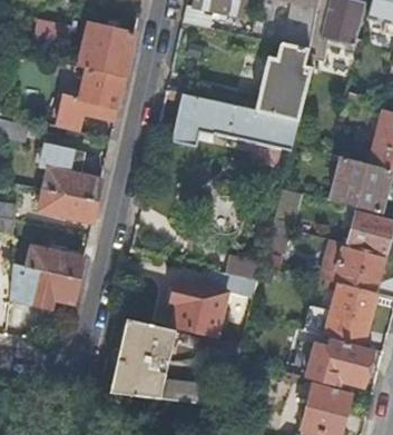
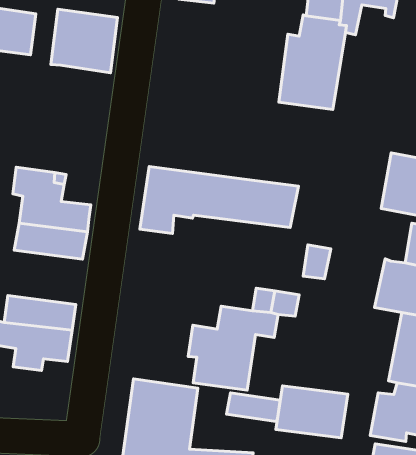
building: [57,67,125,131] -> none
building: [170,93,298,150] -> [140,167,298,234]
building: none -> [276,386,348,438]

